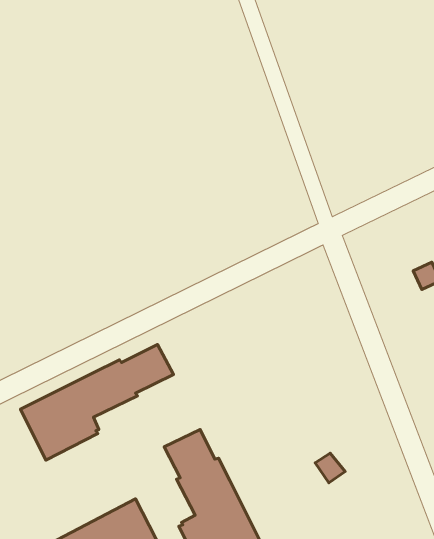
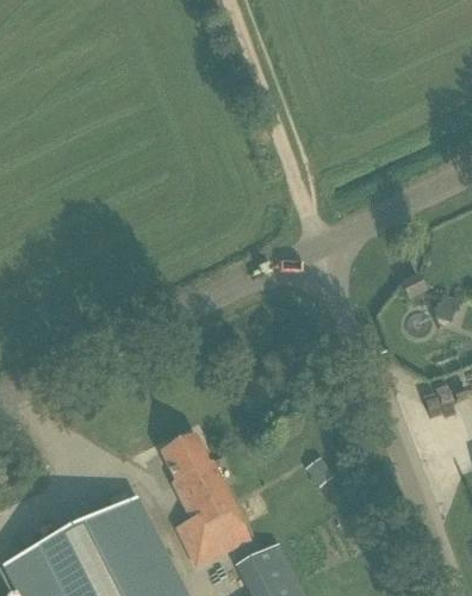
building: [20,344,174,460] -> none

